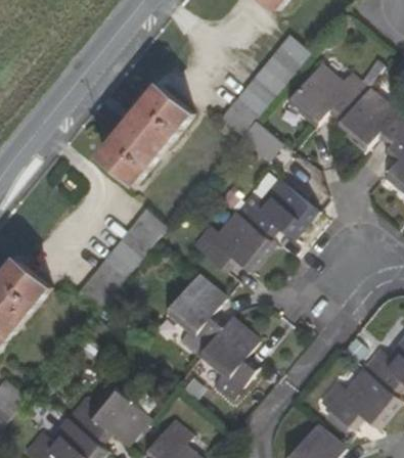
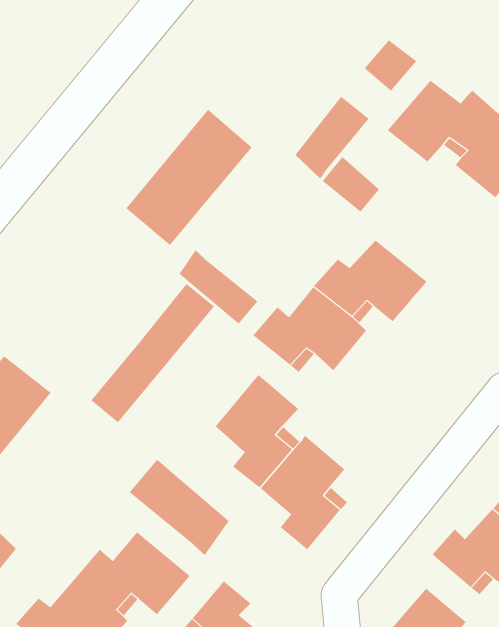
building: none -> [179,250,258,324]
building: none -> [129,459,229,556]

